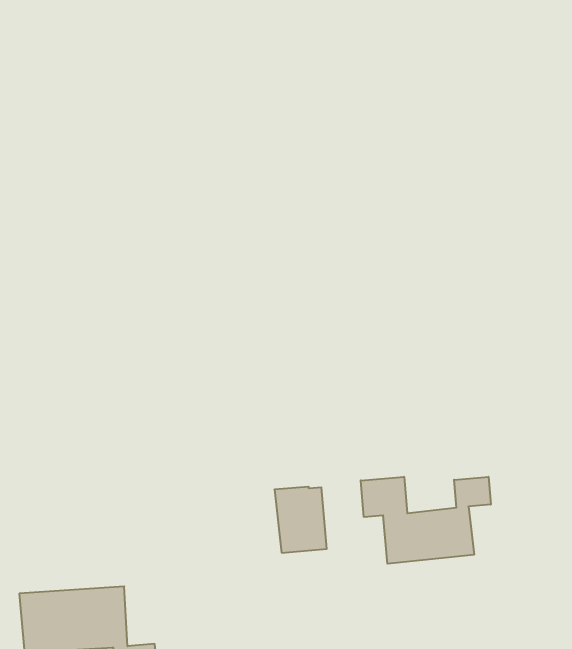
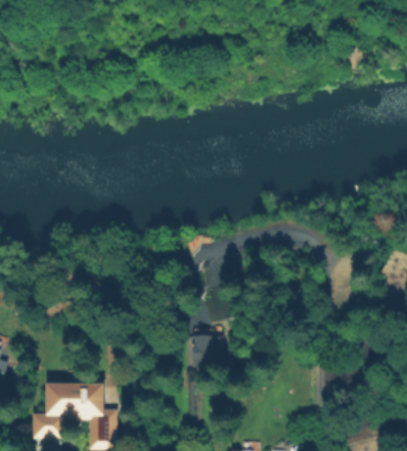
building: [361,477,491,564] -> none

